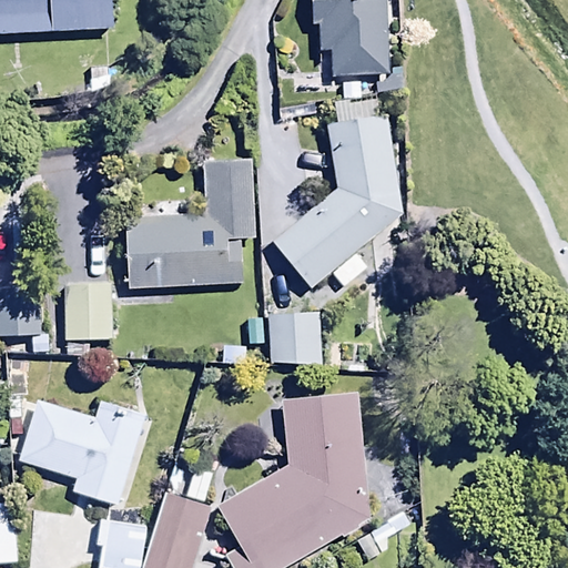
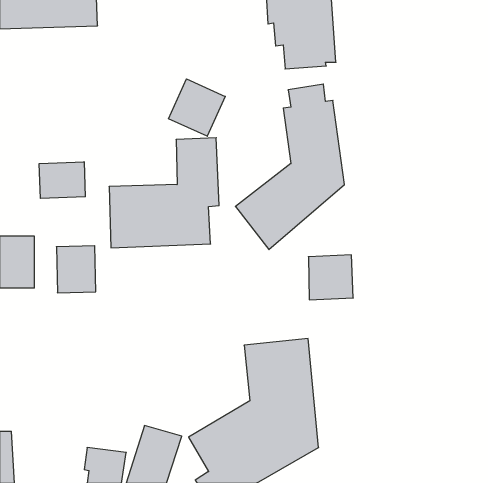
building: none -> [169,79,225,136]
building: none -> [39,162,85,198]
building: [270,313,322,365] -> [308,255,353,300]
building: [18,398,148,506] -> none

